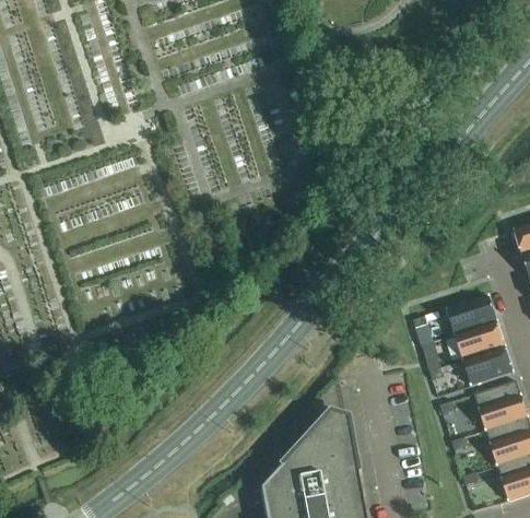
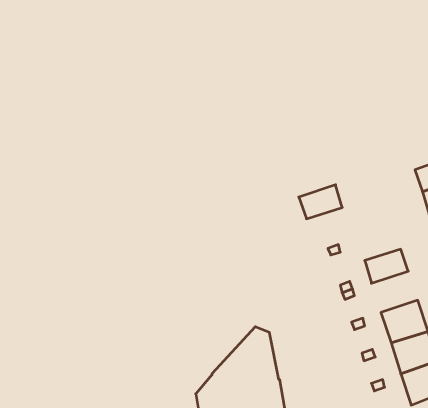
building: [447,297,497,337] -> [299,185,342,219]
building: [463,349,514,388] -> none

